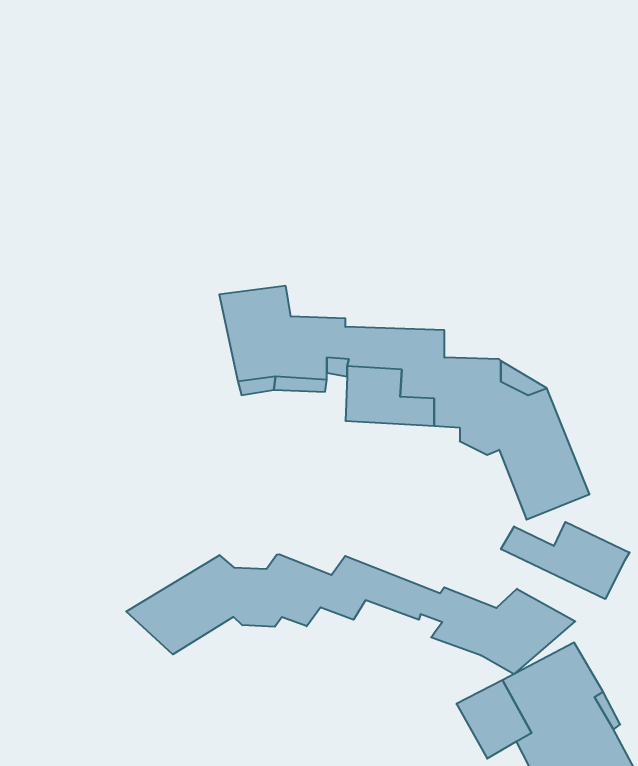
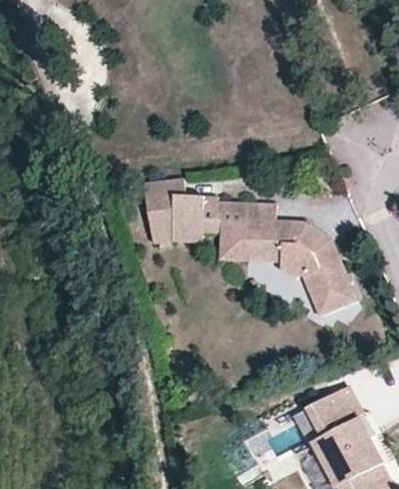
building: [501,522,630,599] -> none
building: [126,554,575,674] -> none

